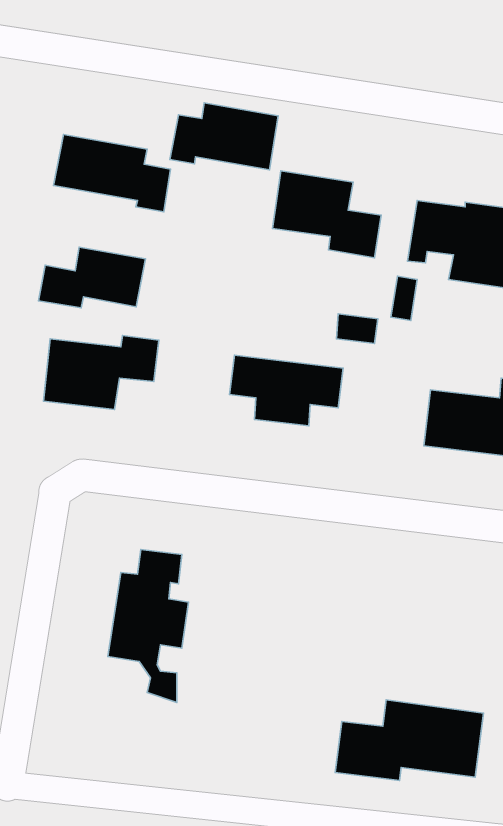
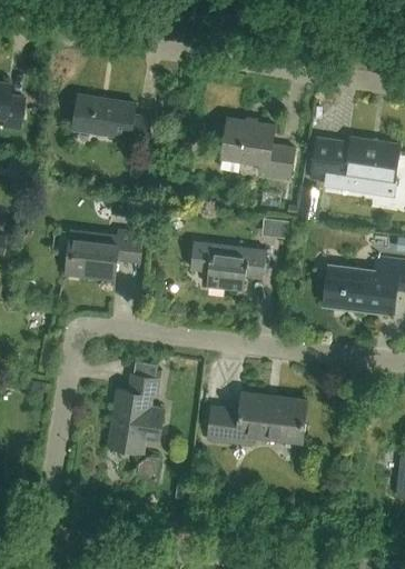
building: [170,103,278,170] -> none
building: [39,247,146,308] -> none
building: [335,700,483,781] -> [208,391,308,446]

